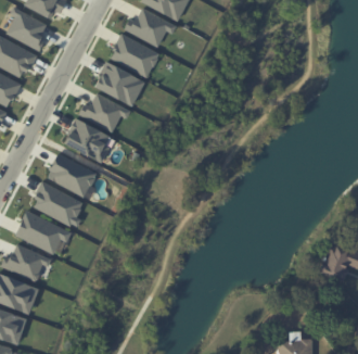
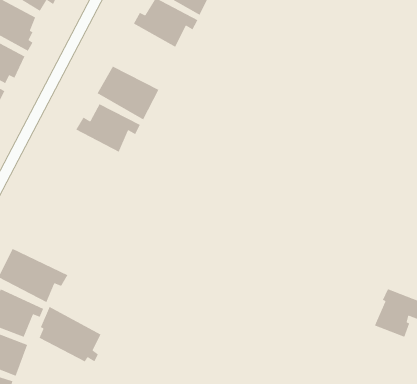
building: [108,33,159,79] -> none
building: [63,118,112,163] -> none
building: [46,154,97,199] -> none
building: [33,181,84,227] -> [38,306,101,362]

